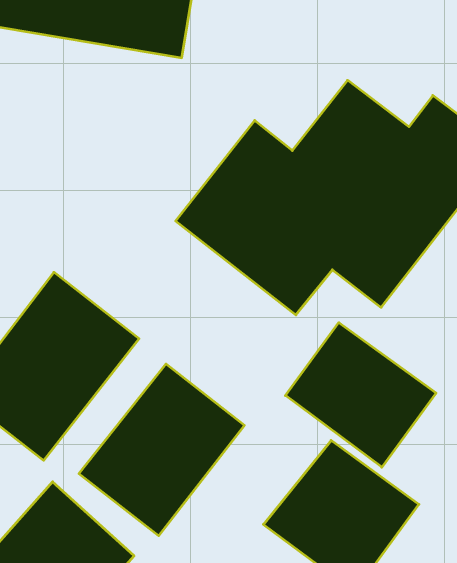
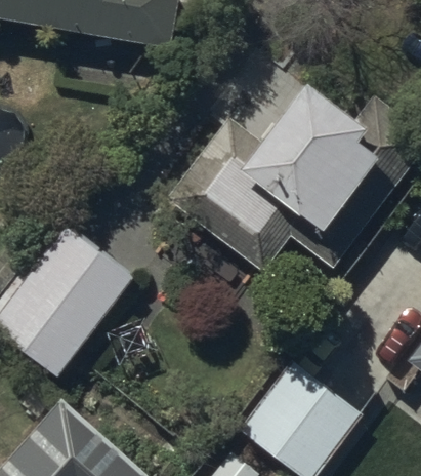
building: [285,323,436,467] -> none
building: [79,364,244,536] -> none

